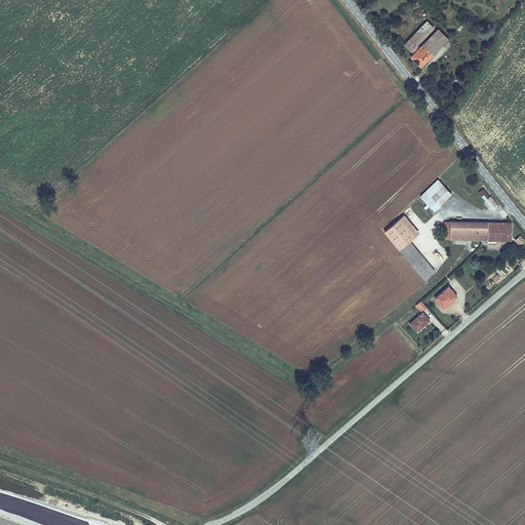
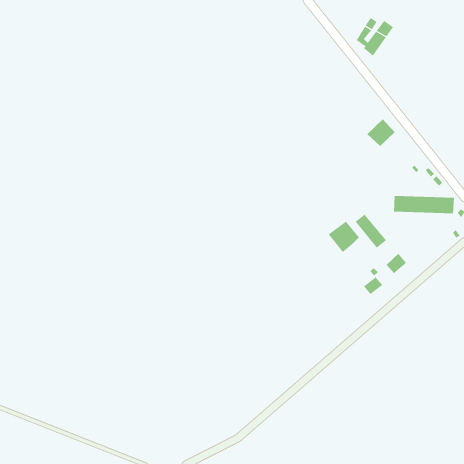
building: [420,179,453,211] -> [366,119,395,147]
building: [385,215,420,251] -> [328,221,360,253]

